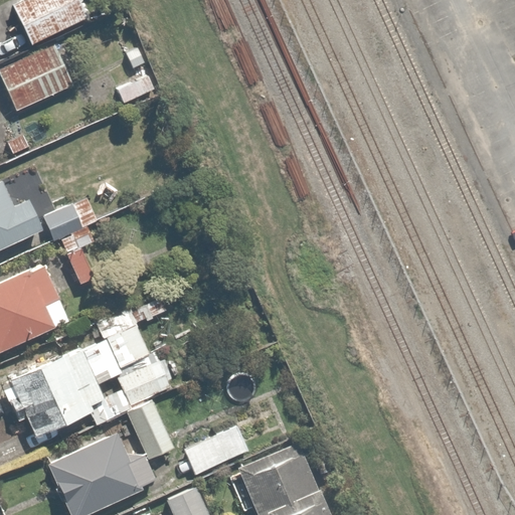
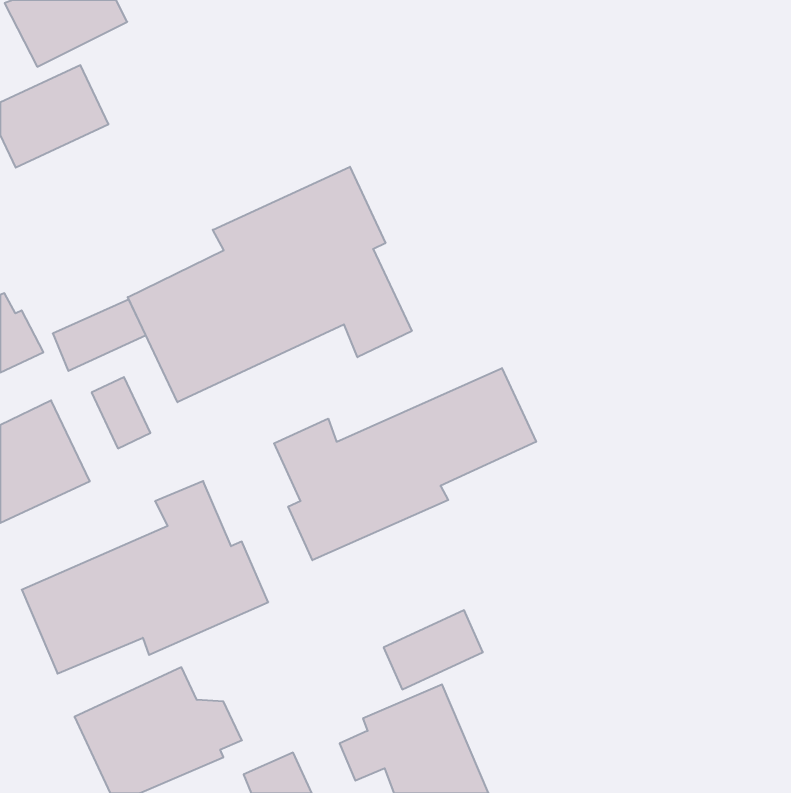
building: none -> [128,167,412,402]
building: none -> [274,368,536,560]
building: [128,401,176,460] -> none
building: [186,424,250,476] -> [384,610,483,689]

